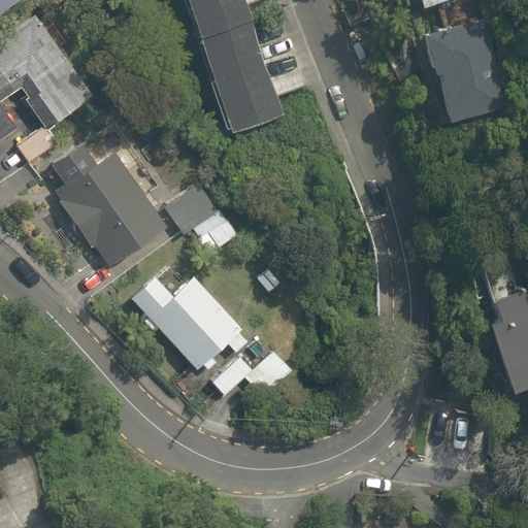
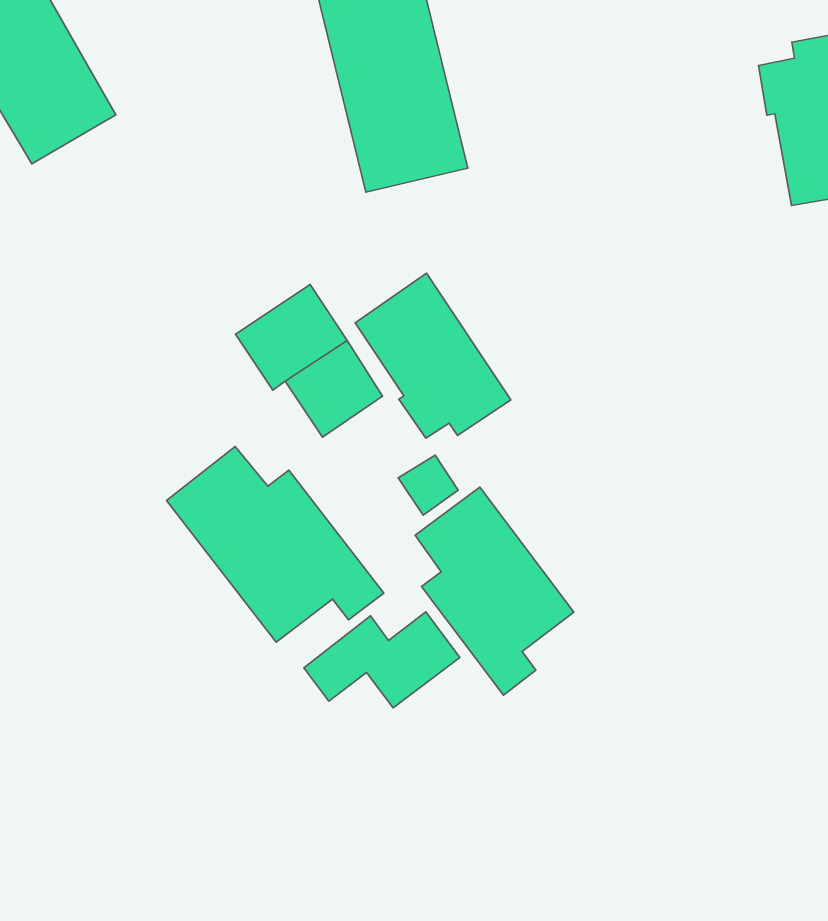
building: [55,153,164,266] -> none
building: none -> [355,273,511,438]
building: none -> [415,487,574,695]

